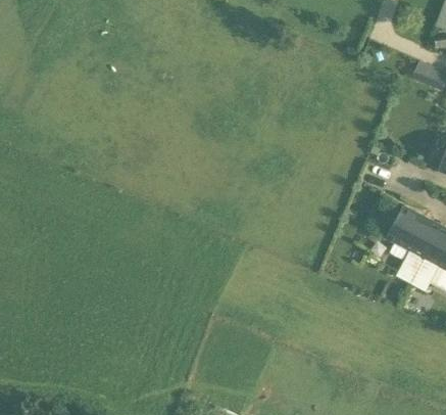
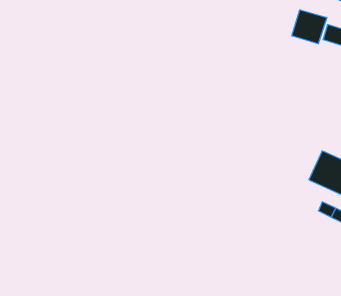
building: none -> [292,10,327,44]

